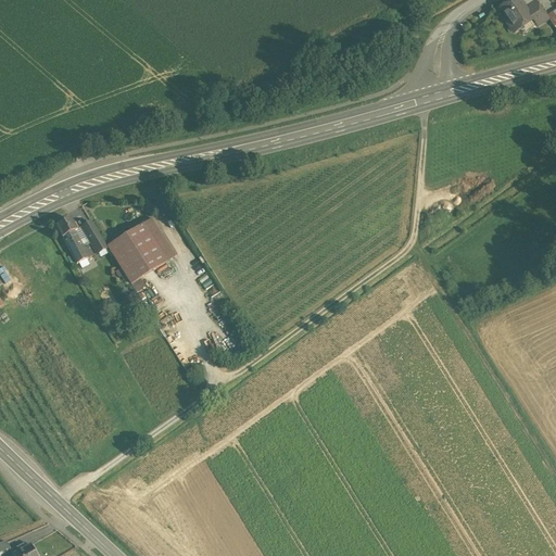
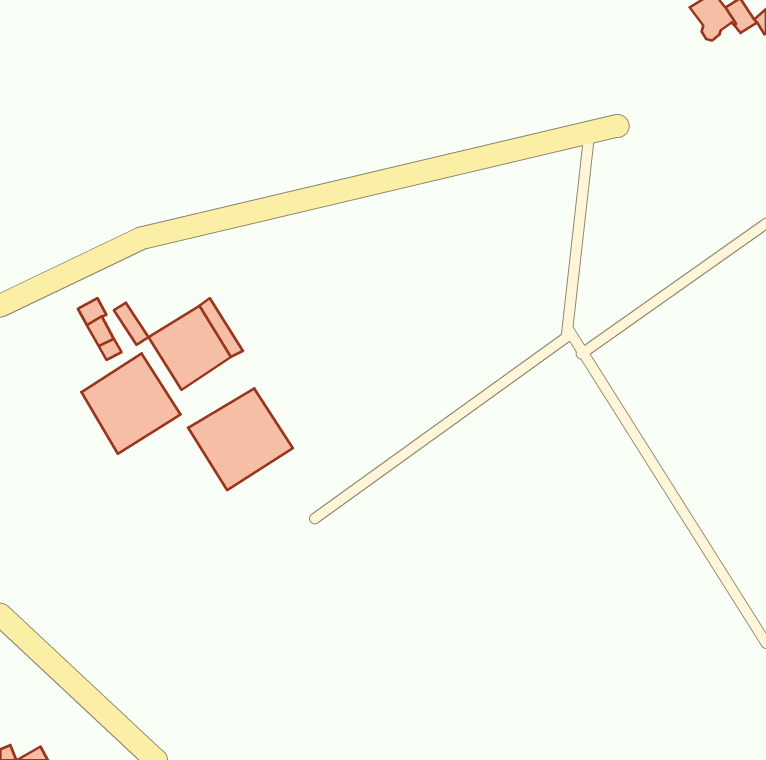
building: none -> [81,353,181,454]
building: none -> [188,388,293,490]

